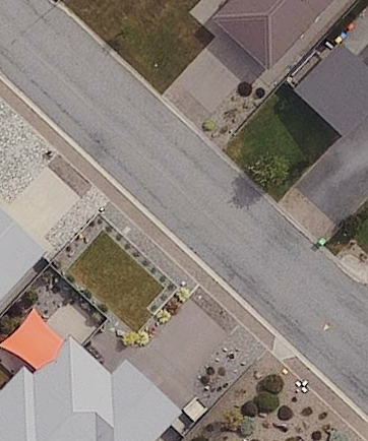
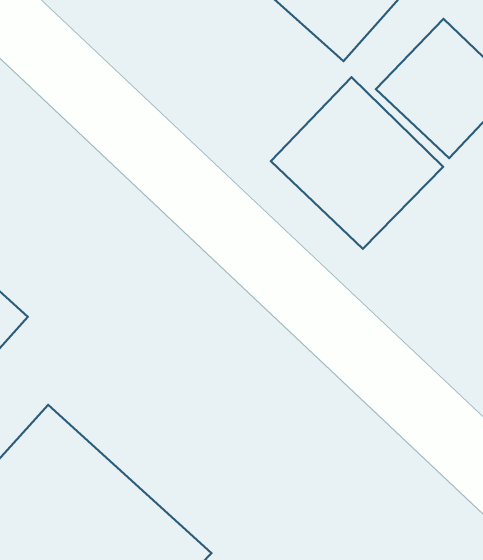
building: none -> [271,77,443,249]

